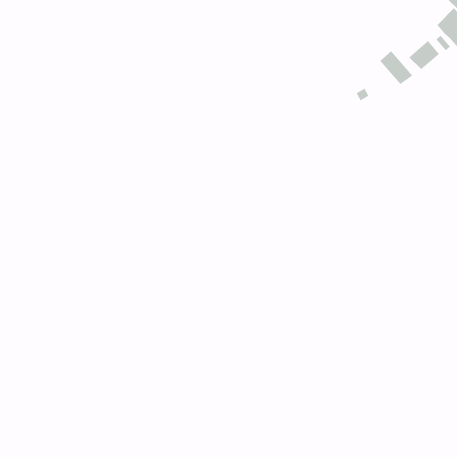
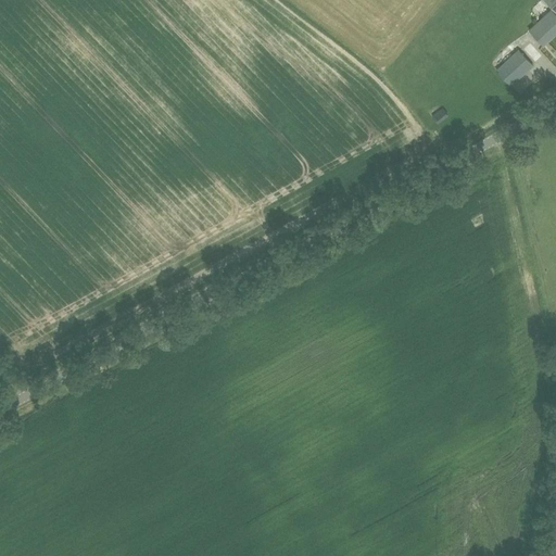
building: [379,51,413,85] -> none

